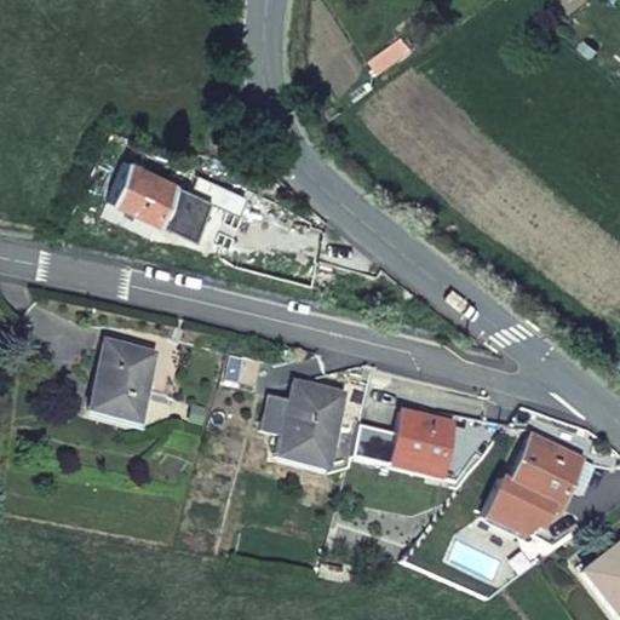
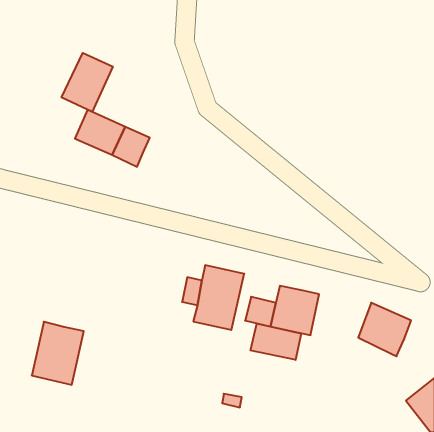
building: none -> [62,53,113,112]
building: [87,335,161,425] -> [32,322,84,385]
building: none -> [251,323,301,360]
building: [486,477,558,539] -> none

